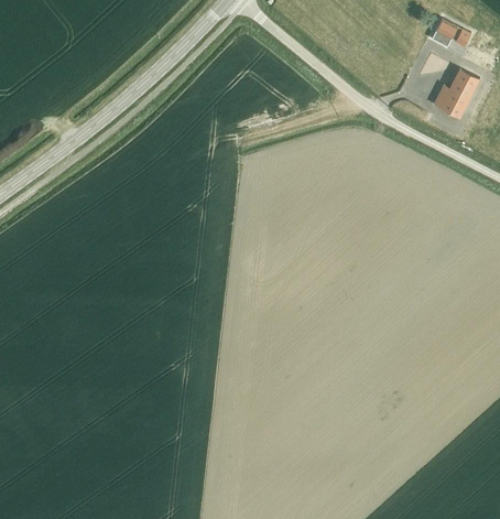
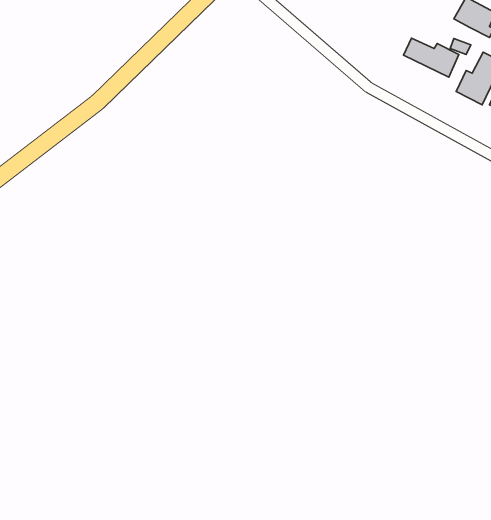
building: none -> [403,38,459,77]

